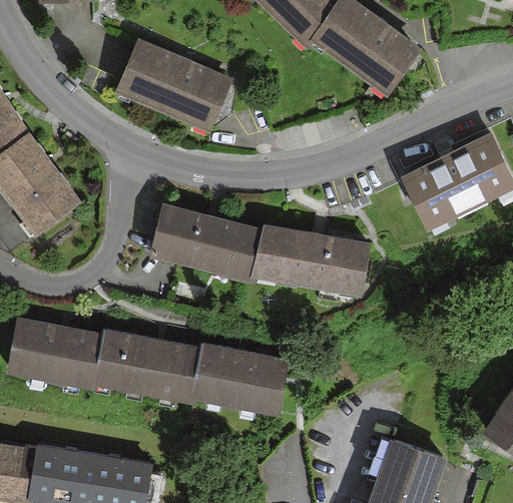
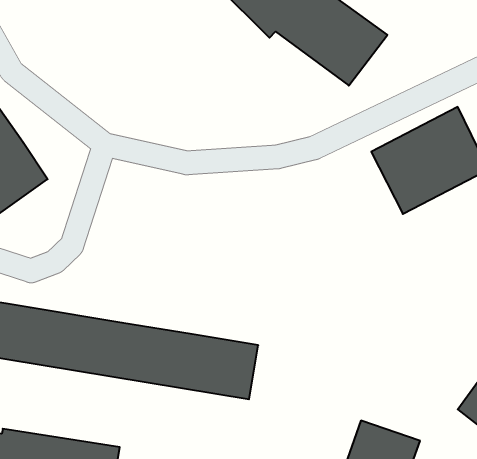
building: [116,50,230,141] -> none
building: [150,203,372,296] -> none

